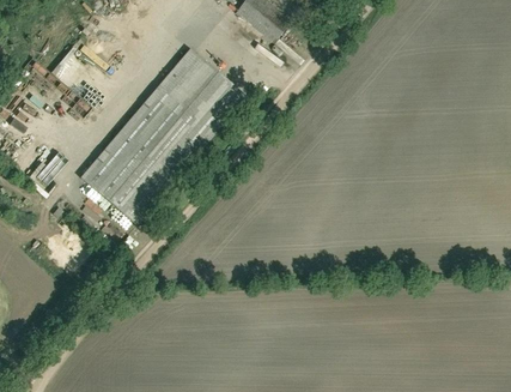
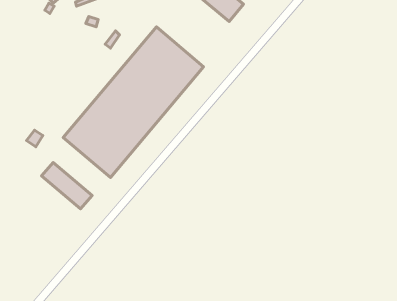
building: none -> [42,163,92,209]

